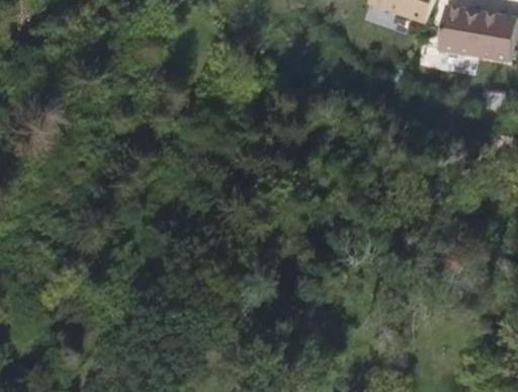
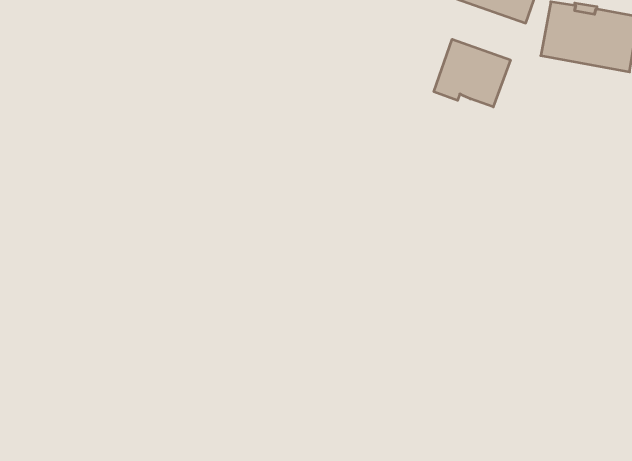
building: none -> [434,39,510,107]

